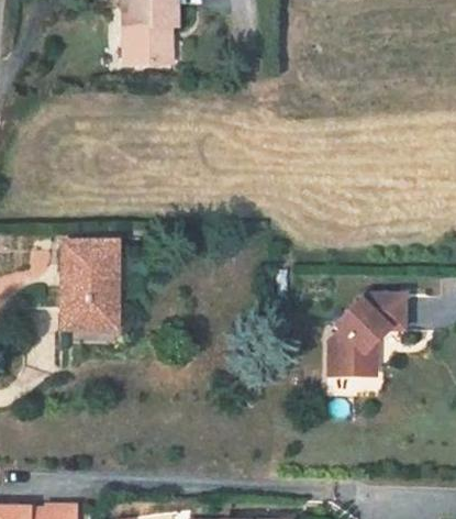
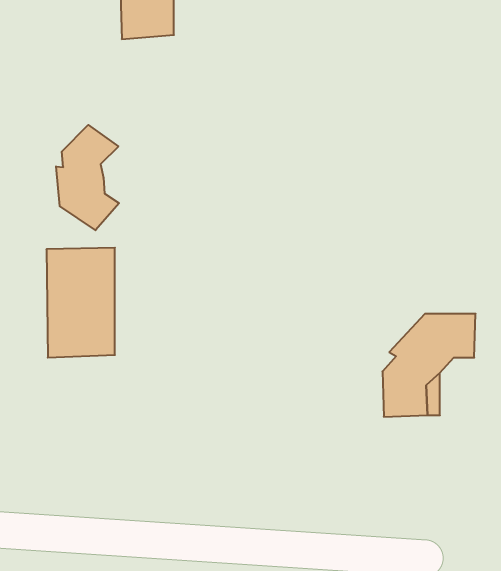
building: none -> [56,125,119,230]

